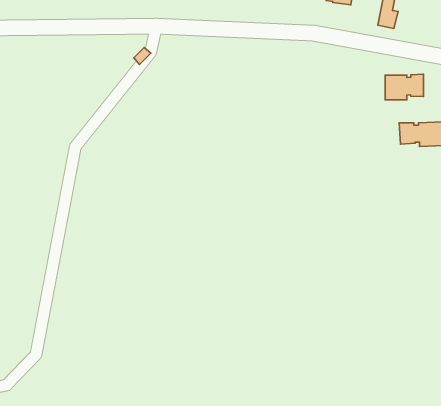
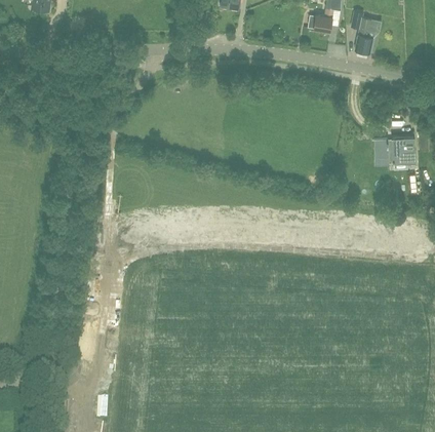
building: [385,74,424,100] -> none

